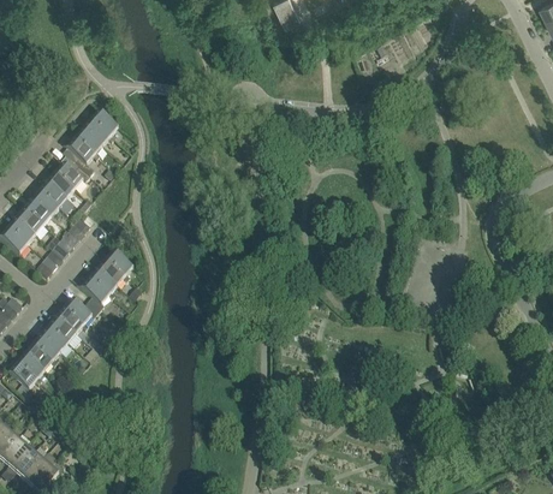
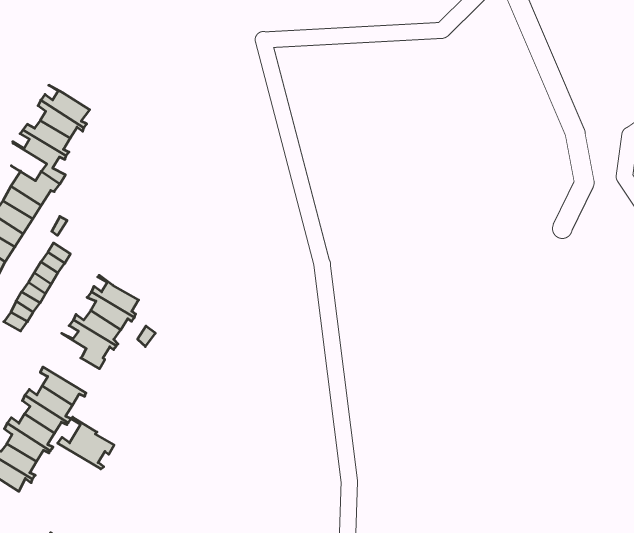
building: [57,291,96,331] -> [58,417,114,469]

